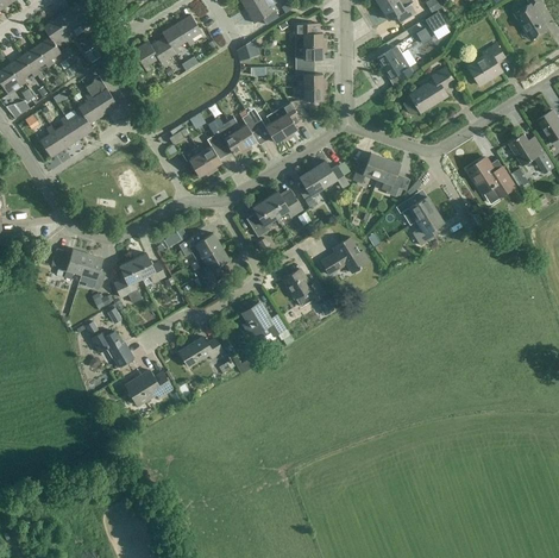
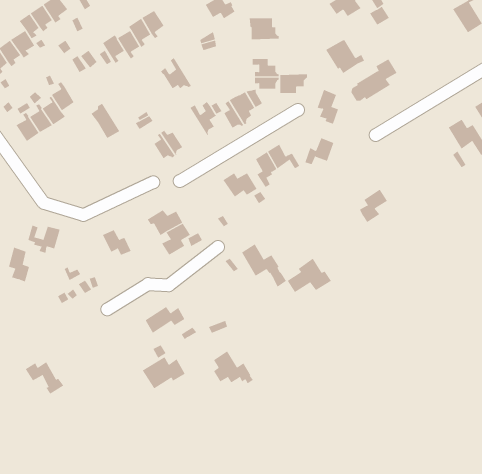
building: [466,43,503,84] -> none
building: [294,45,325,67] -> [279,74,308,94]
building: [84,75,117,114] -> [91,103,120,139]
building: [212,120,246,155] -> [160,57,192,89]
building: [467,156,515,196] -> none
building: [377,158,401,196] -> [317,89,339,124]
building: [395,196,434,220] -> none
building: [245,199,276,236] -> none
building: [320,236,369,274] -> [287,258,332,293]
building: [81,252,105,290] -> [8,247,30,282]
building: [113,258,142,302] -> none
building: [243,301,287,338] -> [213,350,254,384]
building: [90,330,133,365] -> [25,362,64,394]
building: [124,369,171,405] -> [142,356,186,389]

